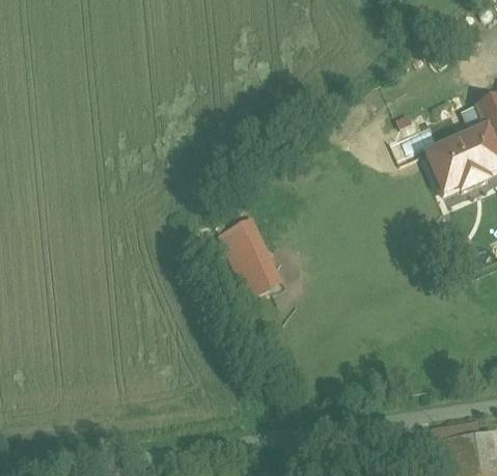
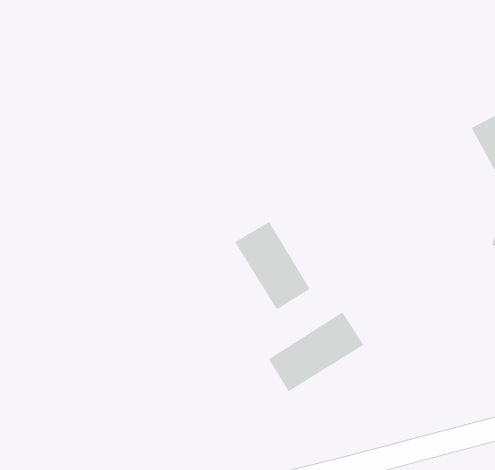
building: none -> [268,311,364,392]

